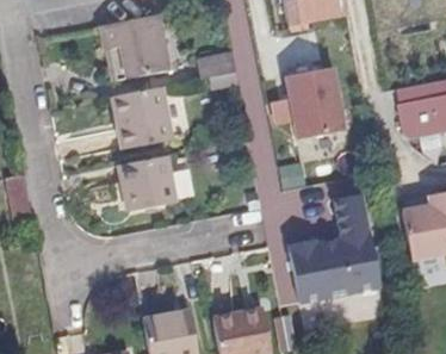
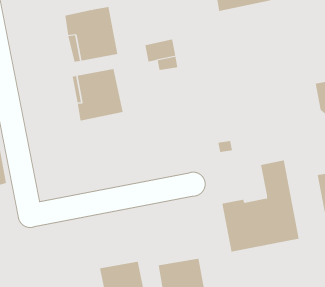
building: [285,66,345,137] -> none
building: [119,154,175,210] -> none

